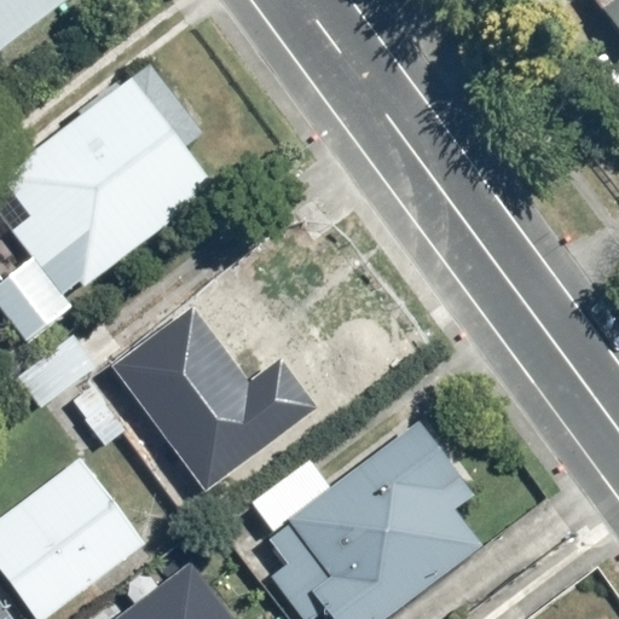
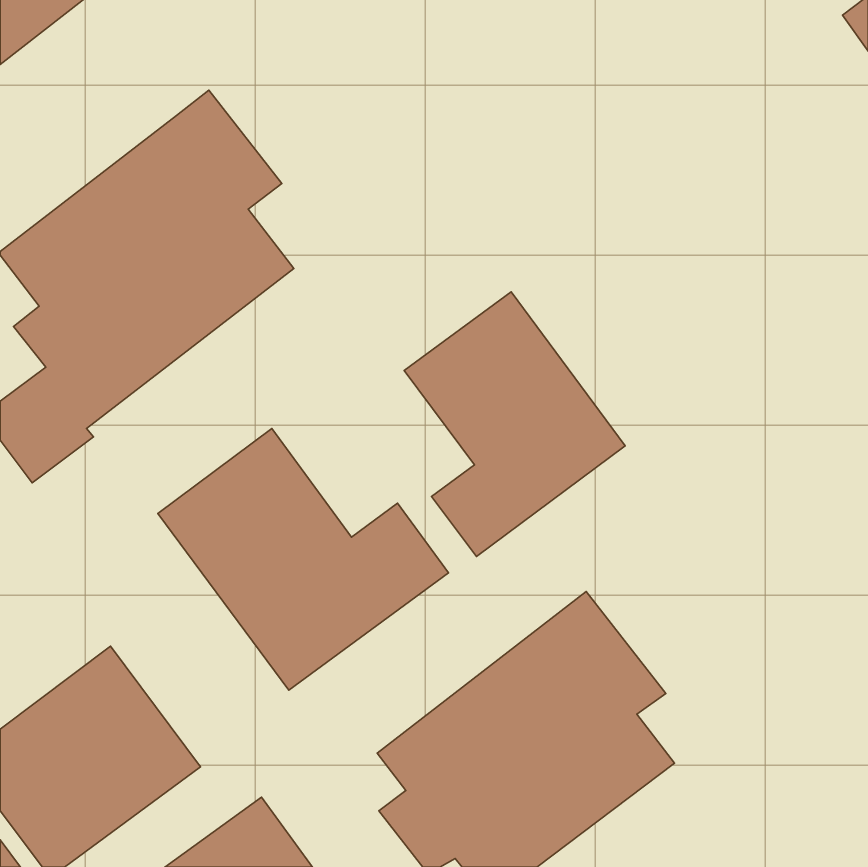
building: none -> [404,292,625,557]

